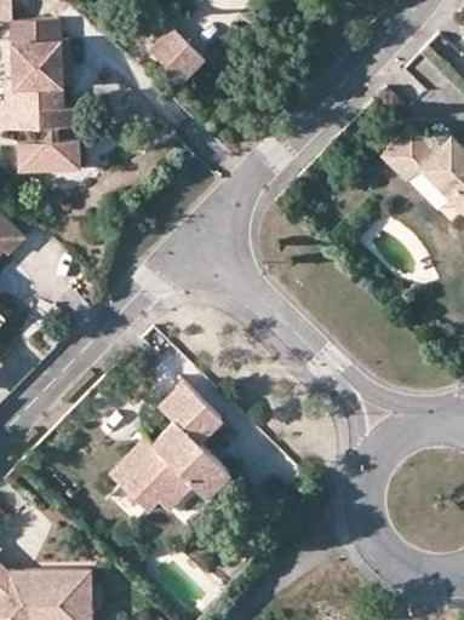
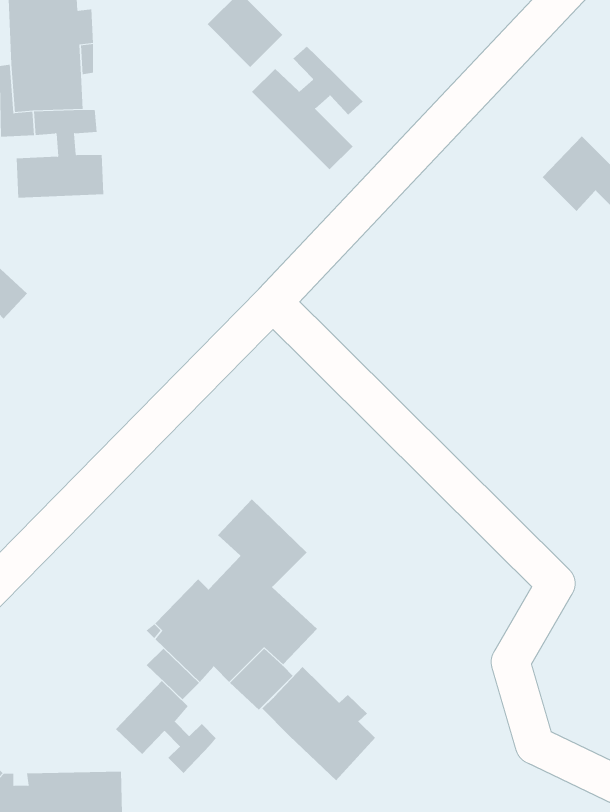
building: none -> [251,46,363,170]
building: none -> [262,666,376,781]
building: none -> [115,680,217,774]

